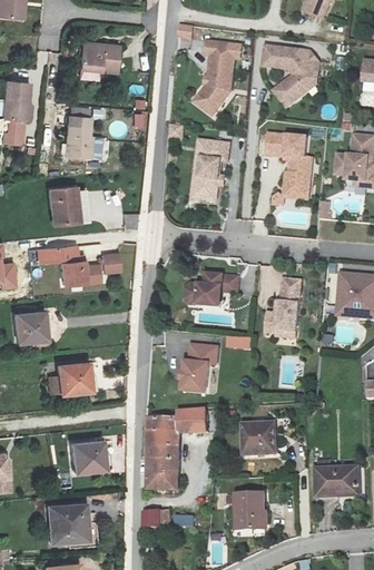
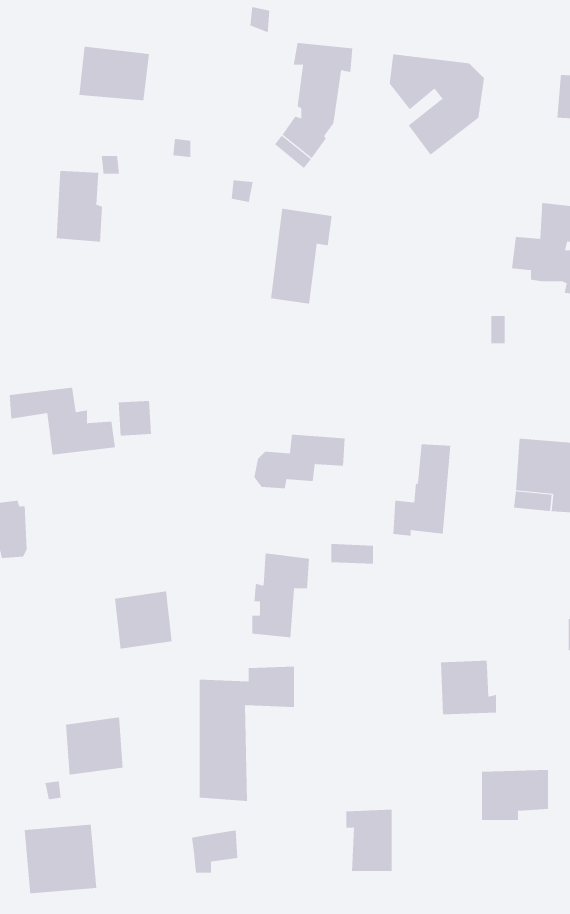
building: [266,132,311,197] -> none
building: [47,185,86,225] -> none
building: [57,361,91,395] -> [114,591,172,649]
building: [243,424,276,456] -> [440,660,497,715]

